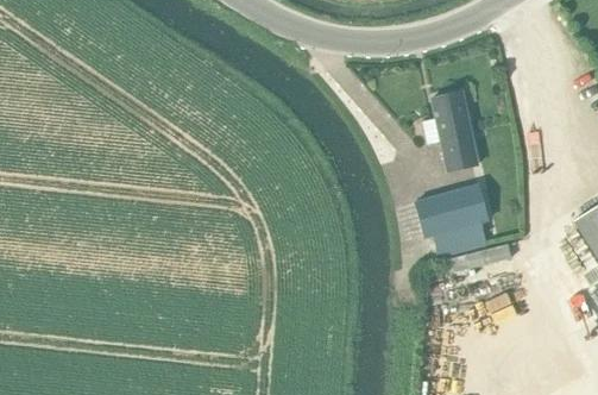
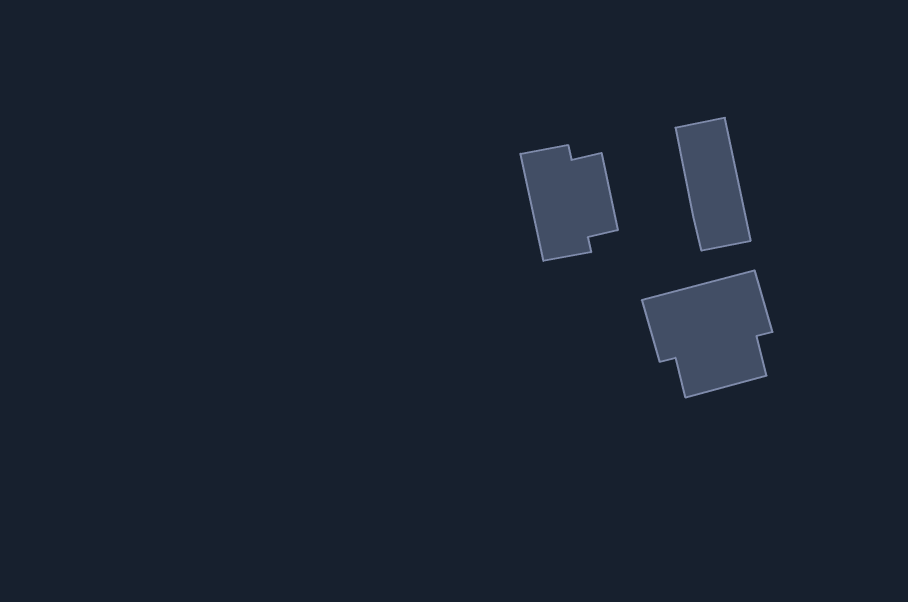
building: none -> [520,145,618,261]

